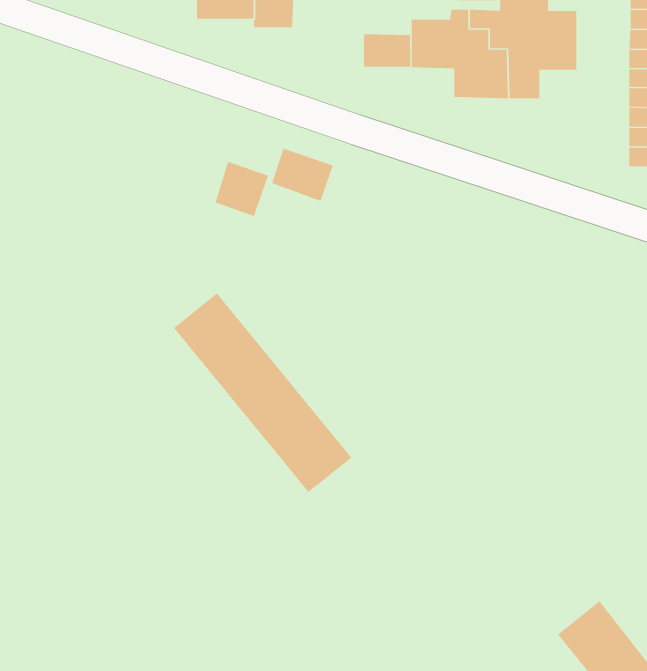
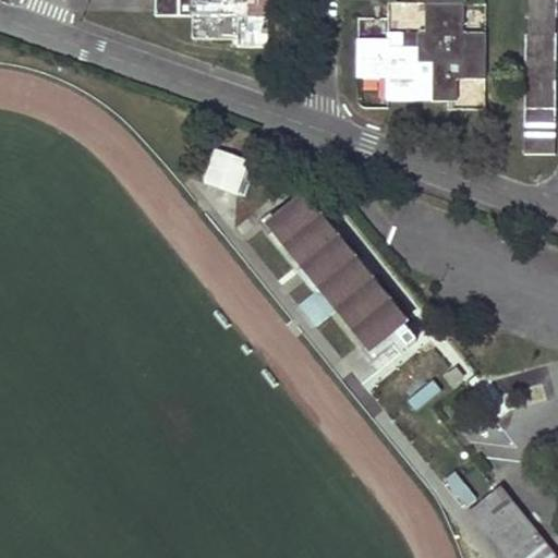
building: [364,34,411,68] -> none
building: [271,148,334,202] -> none
building: [173,293,352,493] -> [267,197,404,351]

